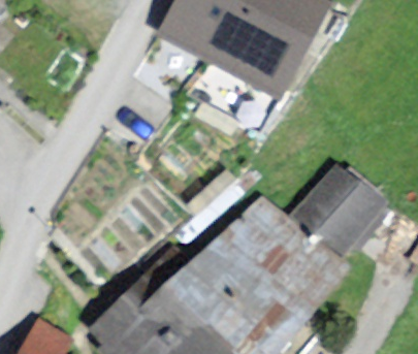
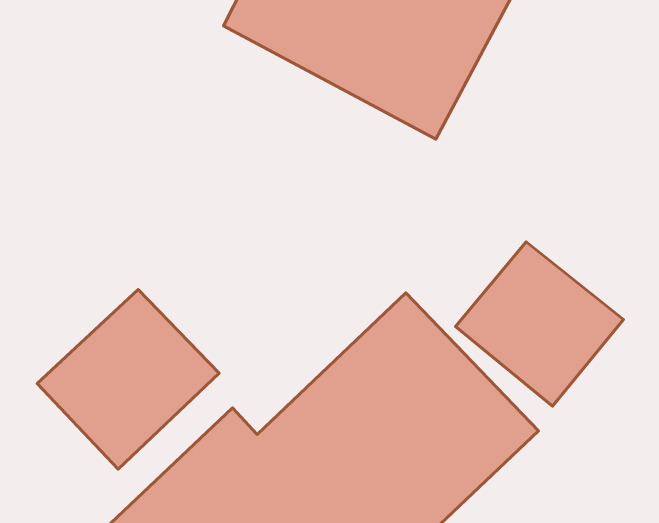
building: none -> [37,290,219,469]

